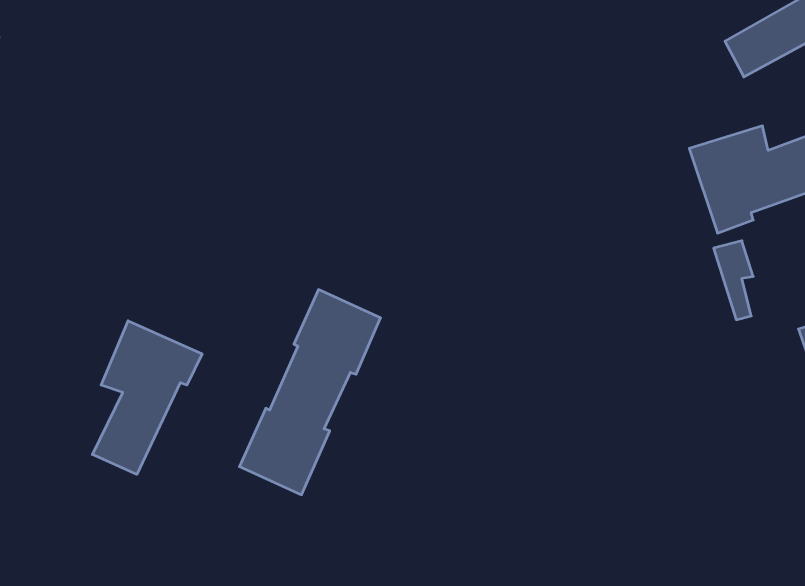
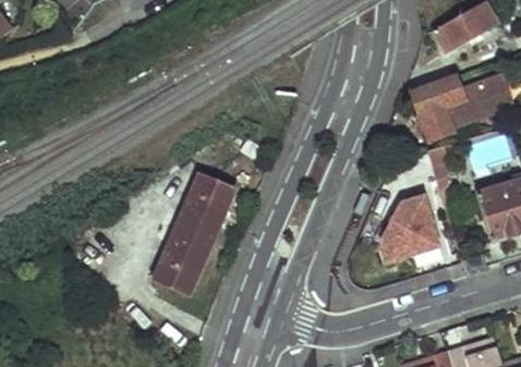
building: none -> [376,189,440,260]
building: [92,321,202,474] -> none

